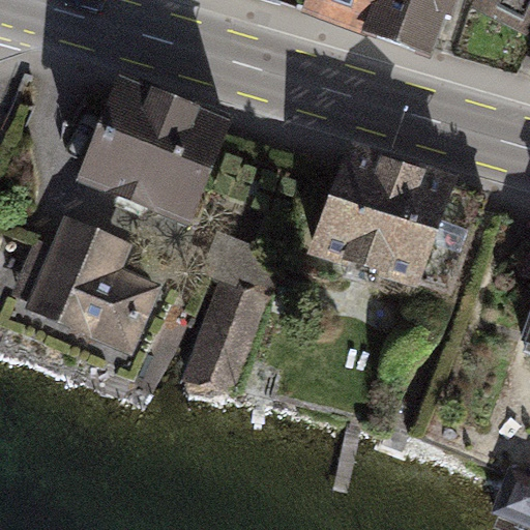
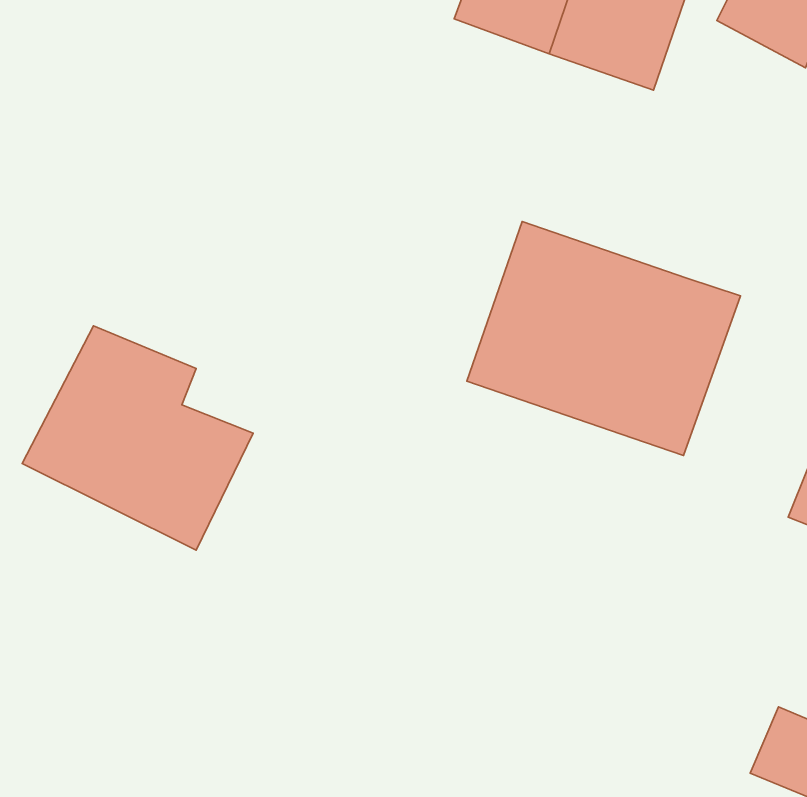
building: [68,85,228,218] -> none
building: [185,228,286,393] -> none

